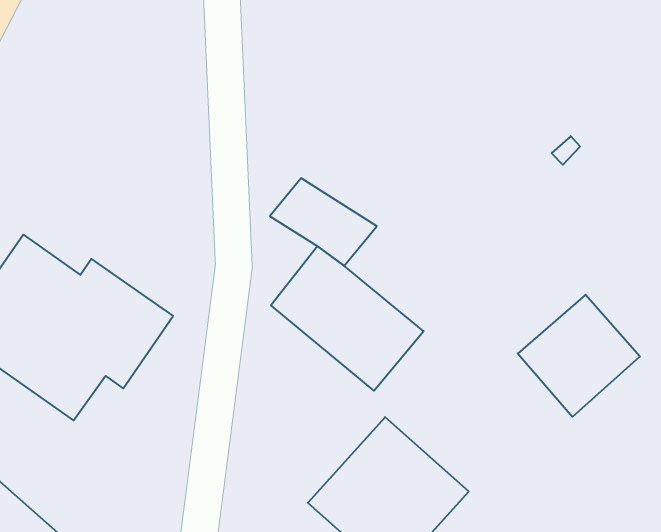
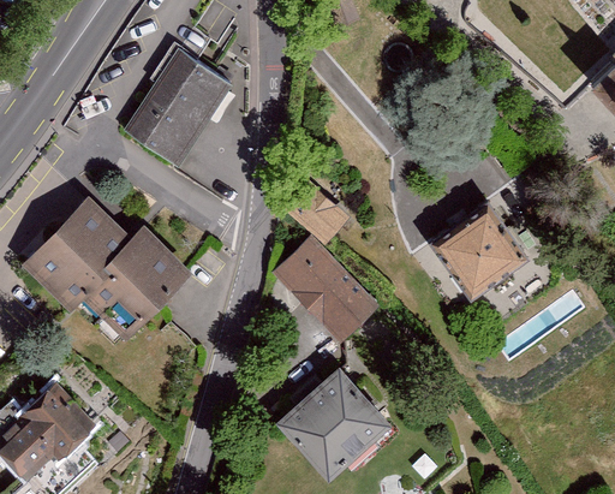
building: none -> [113,41,226,159]
building: [518,295,640,417] -> [426,212,517,300]

